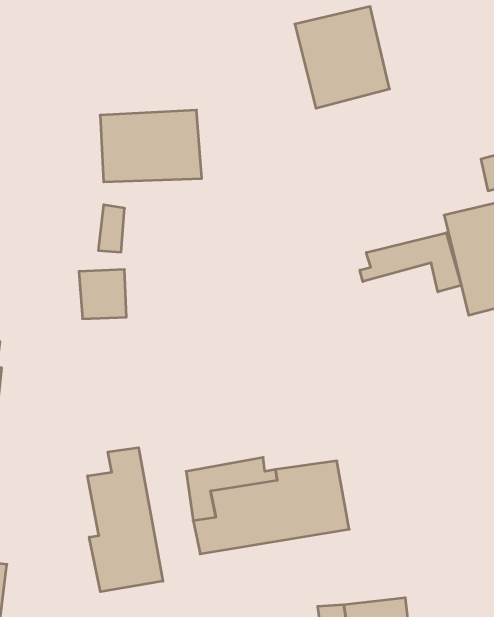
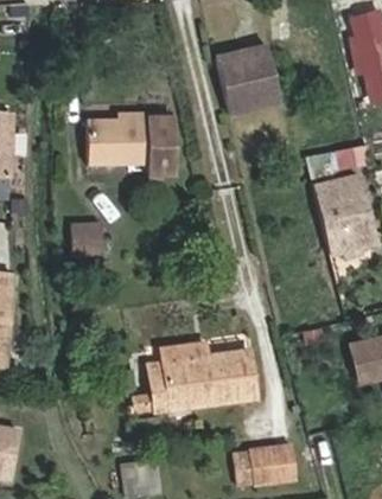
building: none -> [147,114,179,171]
building: [360,233,461,292] -> none
building: [88,448,163,592] -> none

